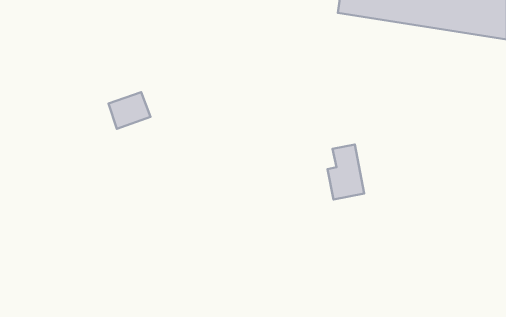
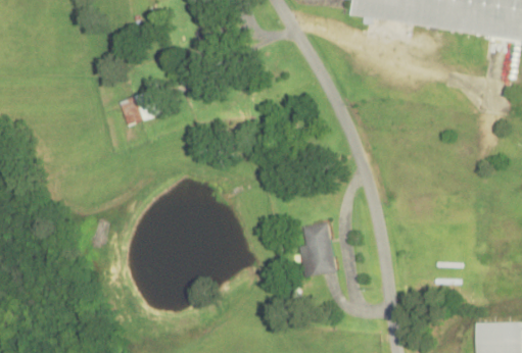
building: [327,145,364,200] -> [298,221,335,276]

